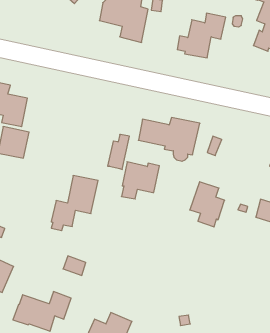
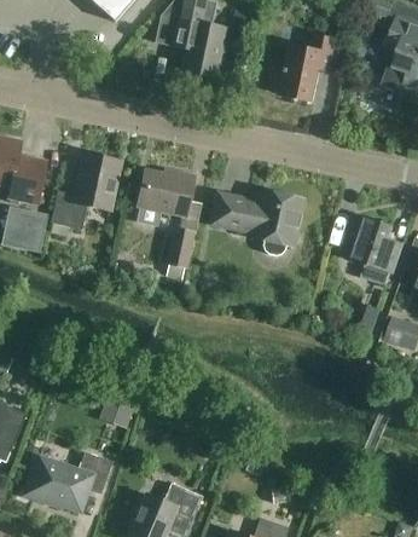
building: [121,162,159,199] -> [135,171,192,226]
building: [51,176,98,231] -> [50,152,120,235]
building: [190,182,225,227] -> [349,216,401,284]

